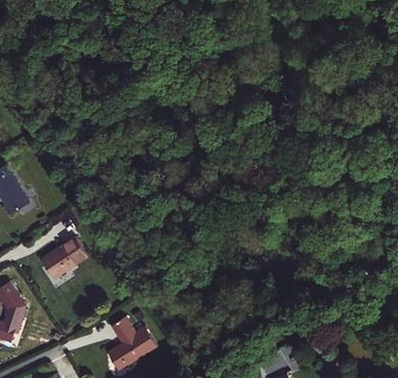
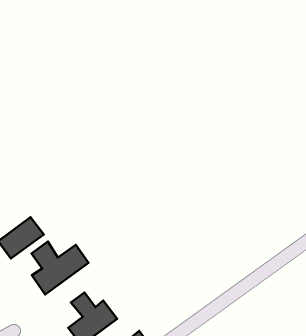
building: none -> [32,241,89,294]

